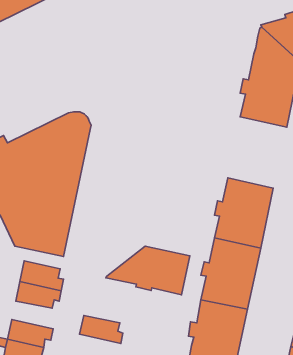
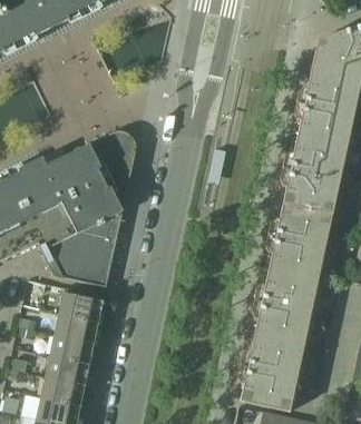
building: none -> [282,137,347,214]
building: [106,246,190,295] -> none
building: [80,316,123,344] -> [50,335,97,365]

